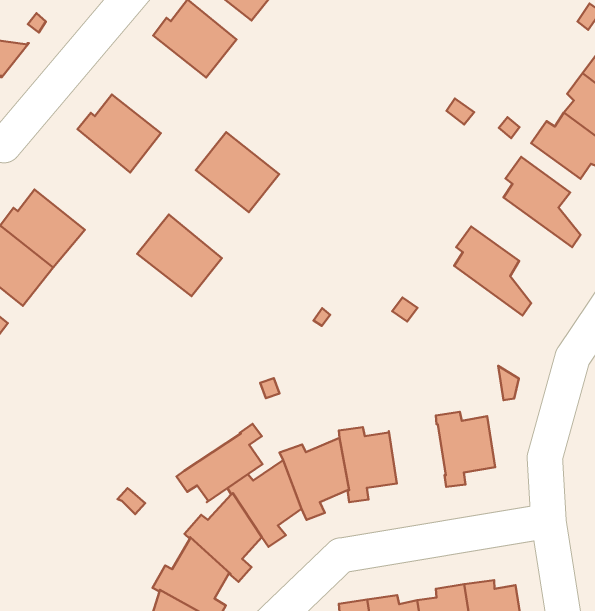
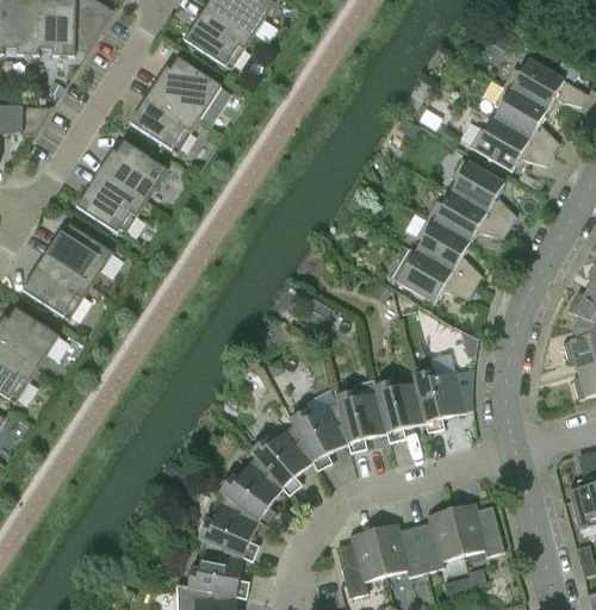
building: [196,132,279,212] -> [131,89,199,152]
building: none -> [427,192,510,242]
building: [137,215,222,296] -> [76,172,145,236]
building: none -> [392,251,476,303]
building: none -> [374,379,427,442]
building: [177,424,262,502] -> none

